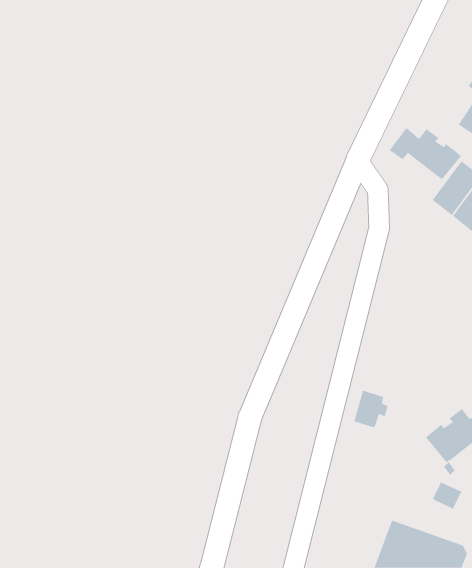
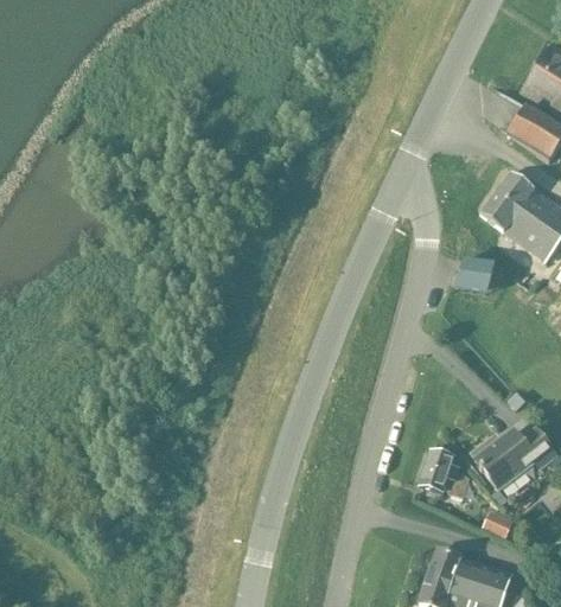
building: [389,127,462,180] -> none
building: none -> [460,257,493,293]
building: [354,390,388,428] -> [421,449,458,490]

